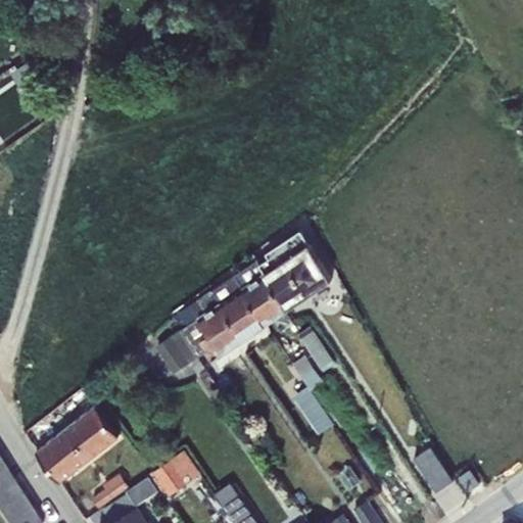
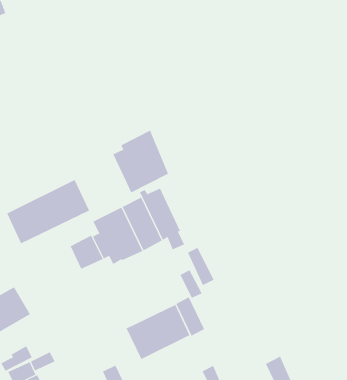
building: [257,232,329,312] -> [112,130,169,193]
building: none -> [7,179,90,244]
building: none -> [126,304,190,360]
building: [151,451,199,496] -> none

